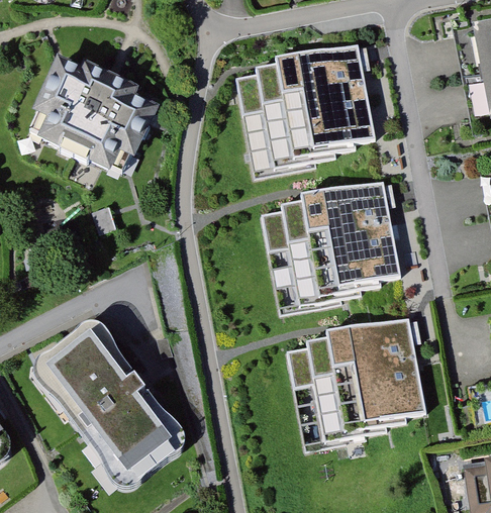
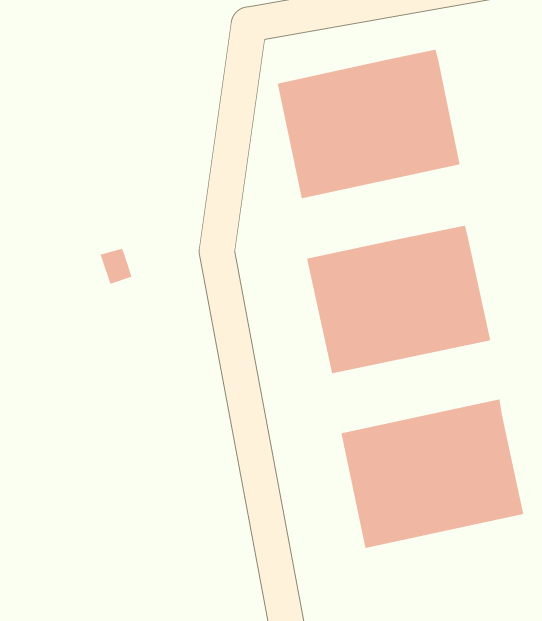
building: [24,50,155,168] -> none
building: [35,319,181,476] -> none

